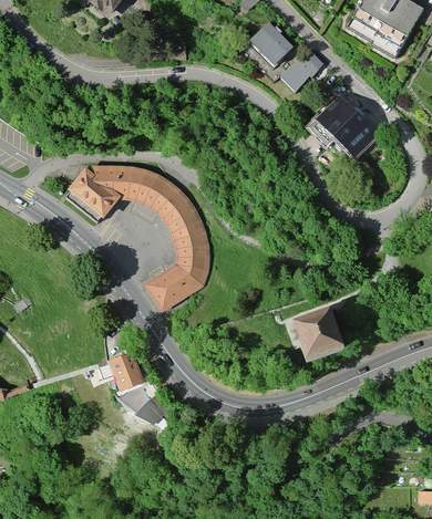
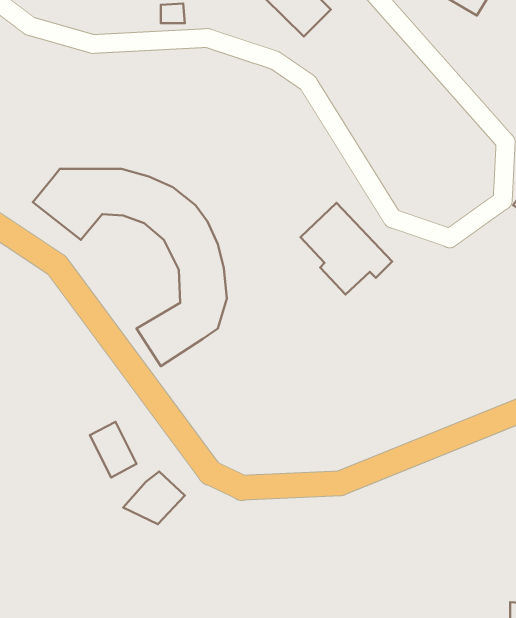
building: [279,49,323,93] -> none
building: [306,91,373,158] -> [300,203,392,294]
building: [292,308,343,360] -> none

